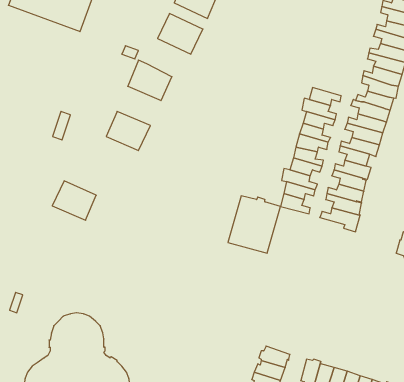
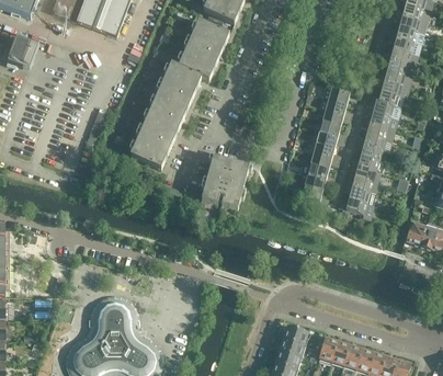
building: none -> [178,42,218,79]
building: none -> [150,86,191,122]
building: [52,181,96,220] -> [129,132,170,168]
building: [228,196,280,253] -> [201,156,249,208]

